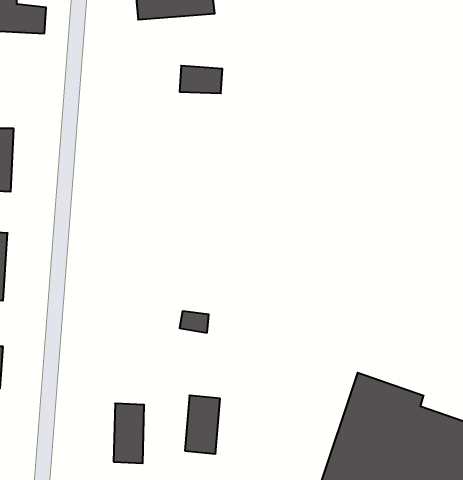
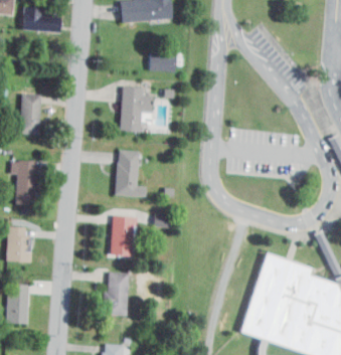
building: none -> [121,88,156,136]
building: none -> [116,152,140,198]
building: [185,395,220,454] -> [113,216,136,254]

